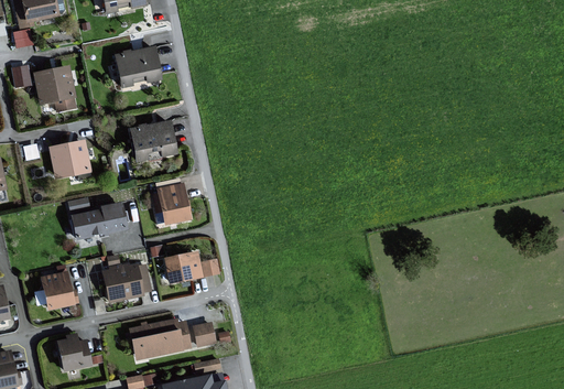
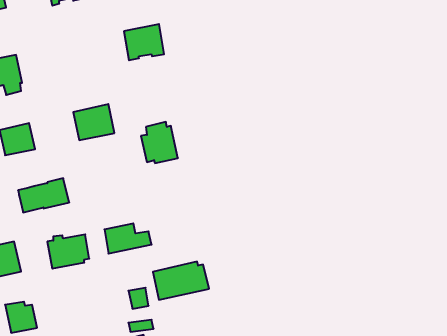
building: [116,46,160,86] -> [124,24,164,60]
building: [150,179,191,224] -> [141,122,178,163]
building: [127,318,188,360] -> [153,262,209,300]

